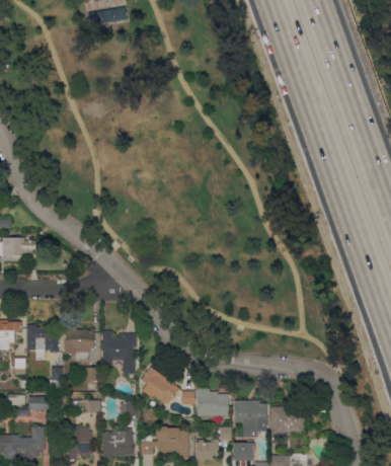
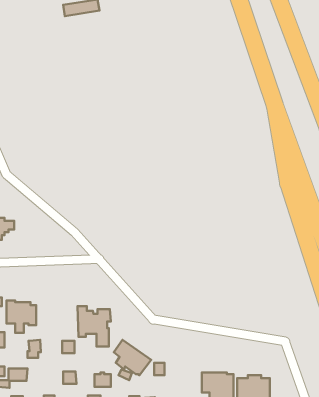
building: [64,327,94,360] -> none
building: [196,388,228,415] -> none

